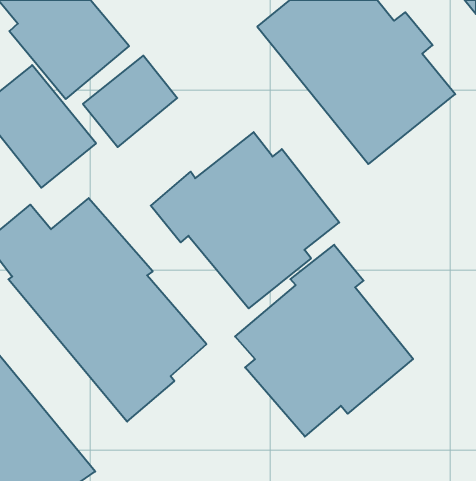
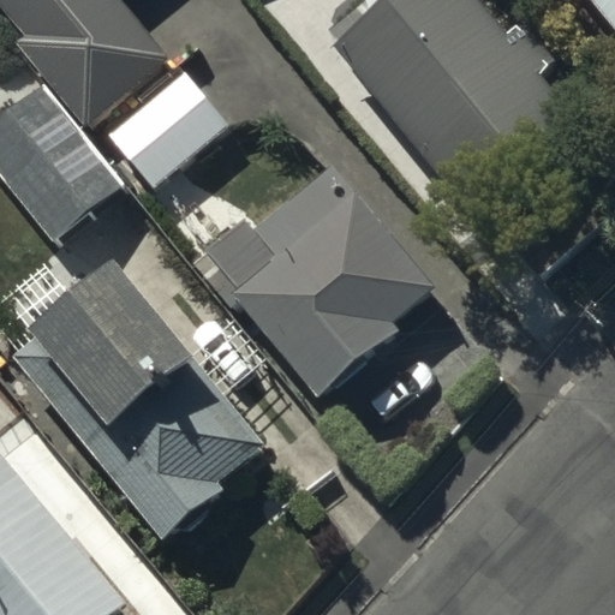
building: [235,245,413,437] -> none

